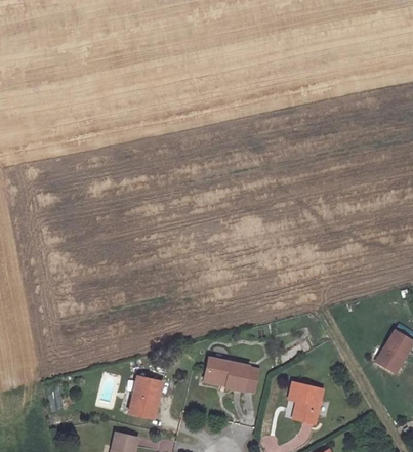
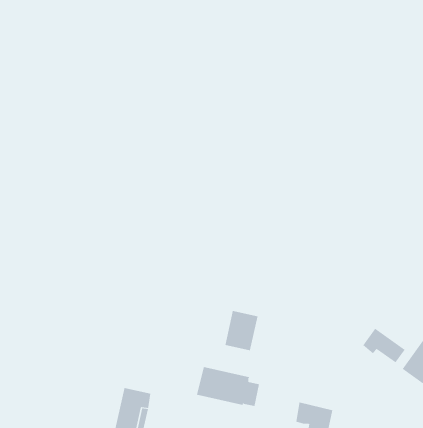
building: none -> [225,310,258,351]
building: none -> [362,328,406,363]

